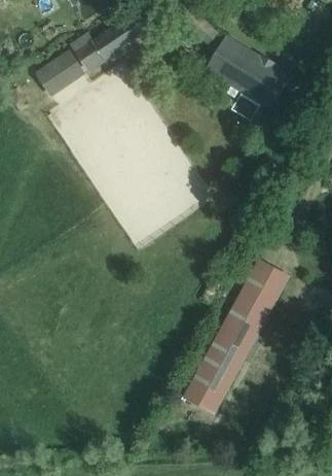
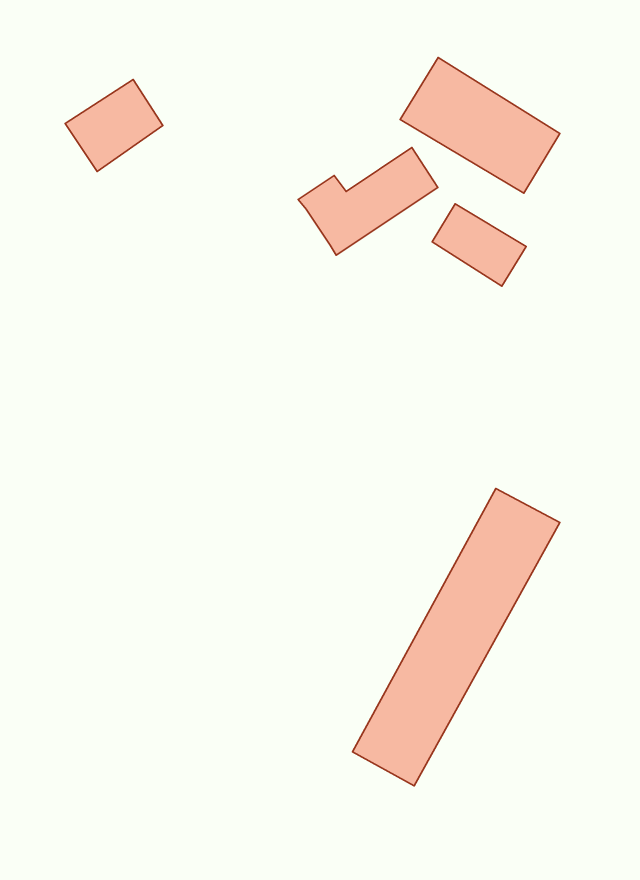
building: [68,16,140,72] -> [298,147,438,255]
building: none -> [432,204,526,286]

